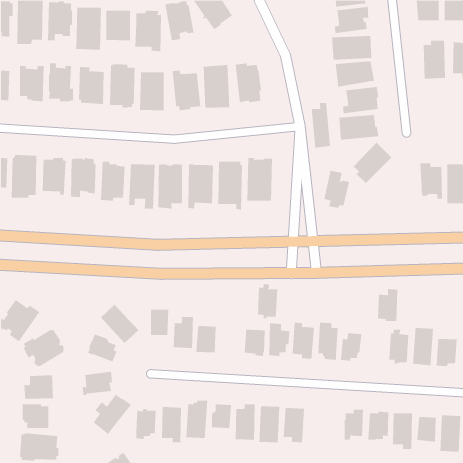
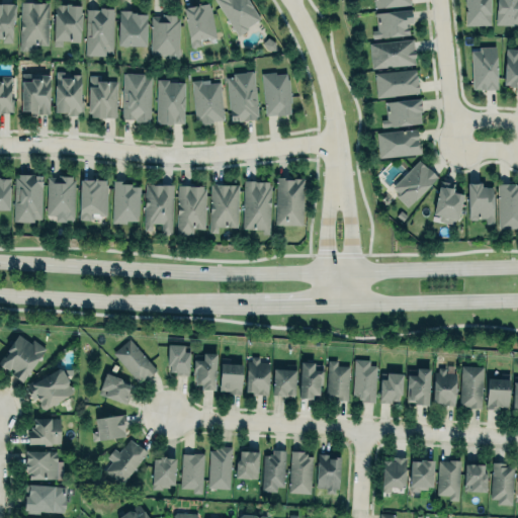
building: [311,102,331,148] -> none
building: [323,170,350,208] -> [435,181,464,224]
building: [257,283,278,319] -> [247,357,270,397]
building: [377,289,398,321] -> [408,368,431,405]

